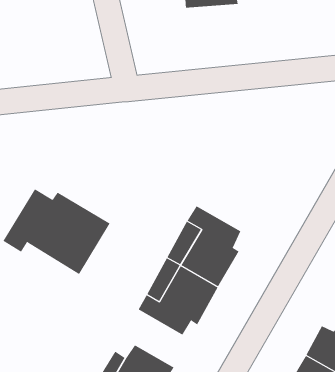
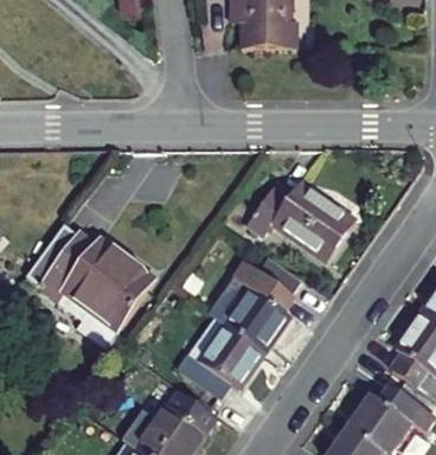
building: none -> [250,178,357,258]

